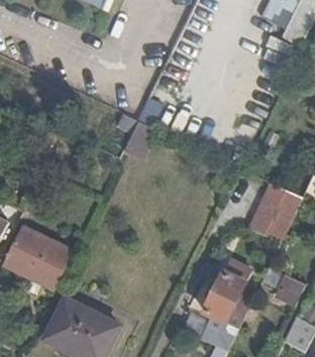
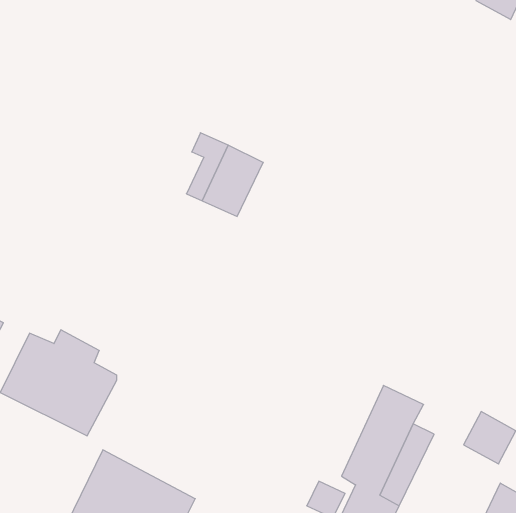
building: [246,182,301,240] -> none

